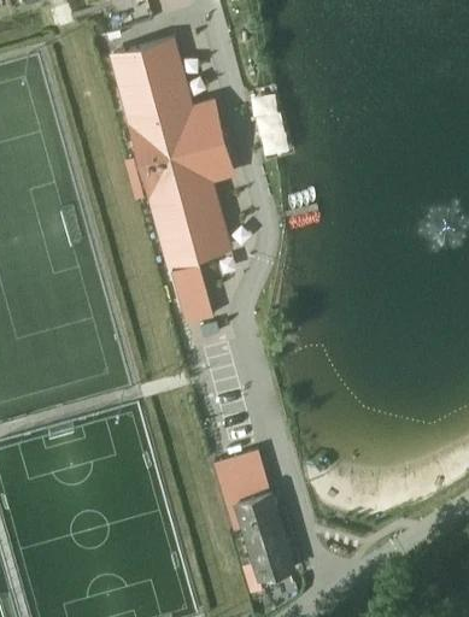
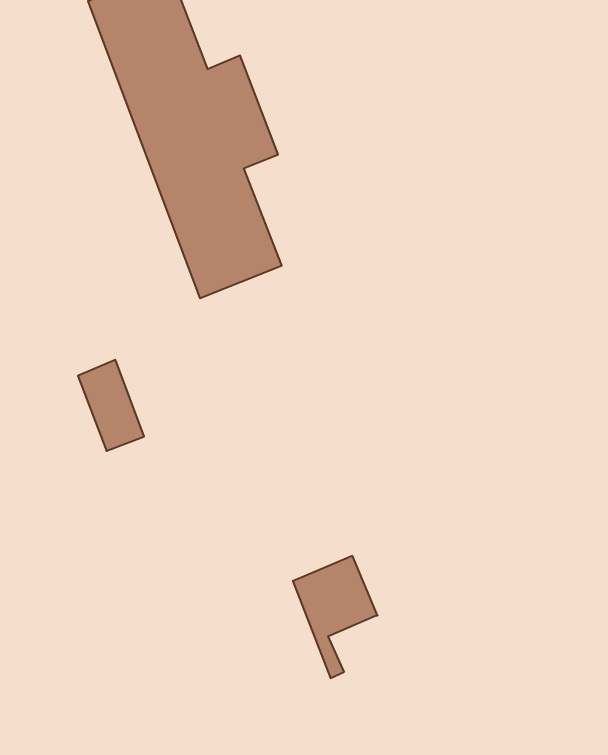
building: [172,263,213,324] -> [78,360,144,451]
building: [235,493,294,581] -> none

